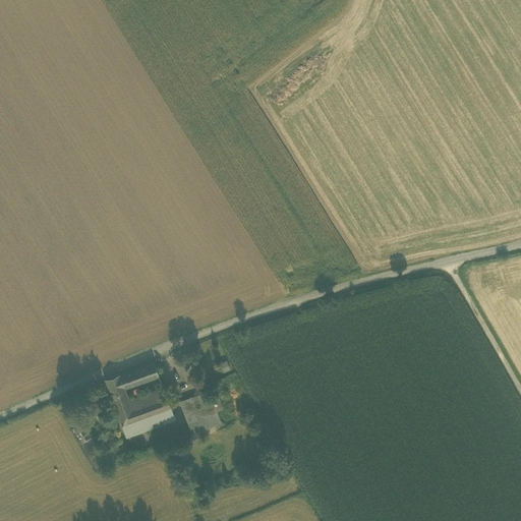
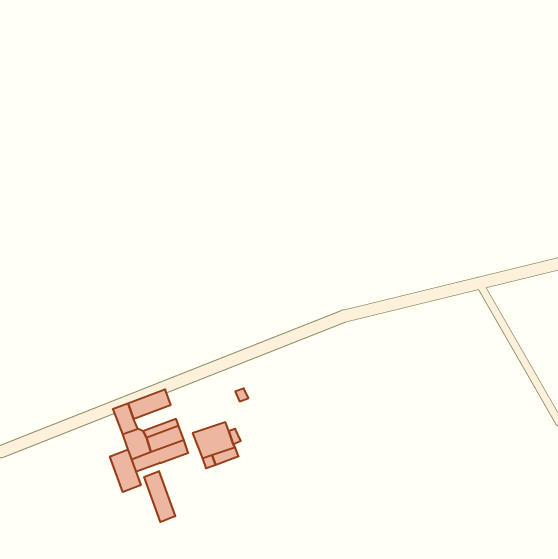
building: none -> [110,450,141,492]
building: none -> [144,471,175,522]

